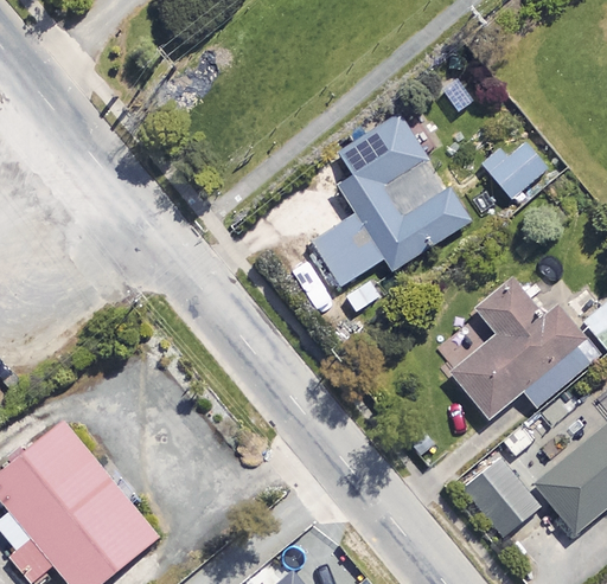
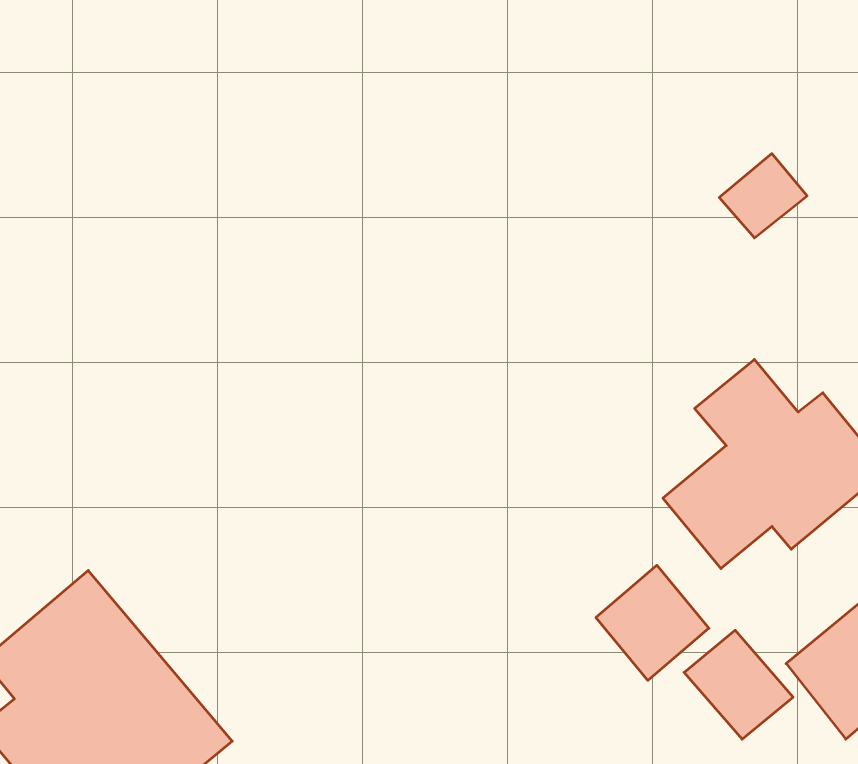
building: [308,113,471,288] -> none
building: none -> [596,565,709,680]

